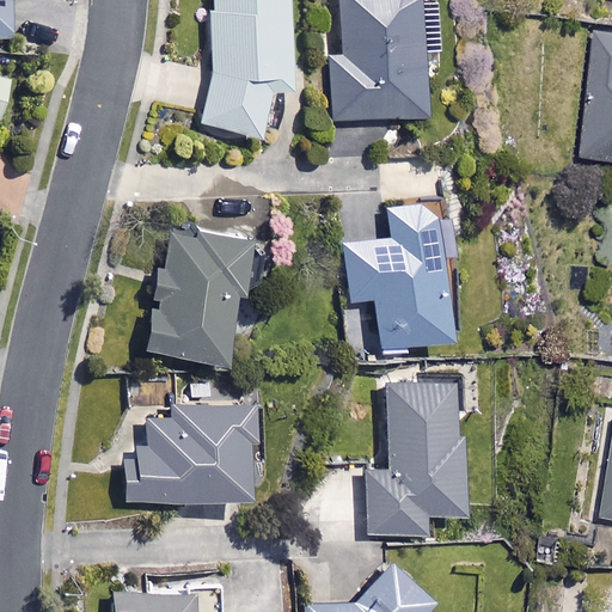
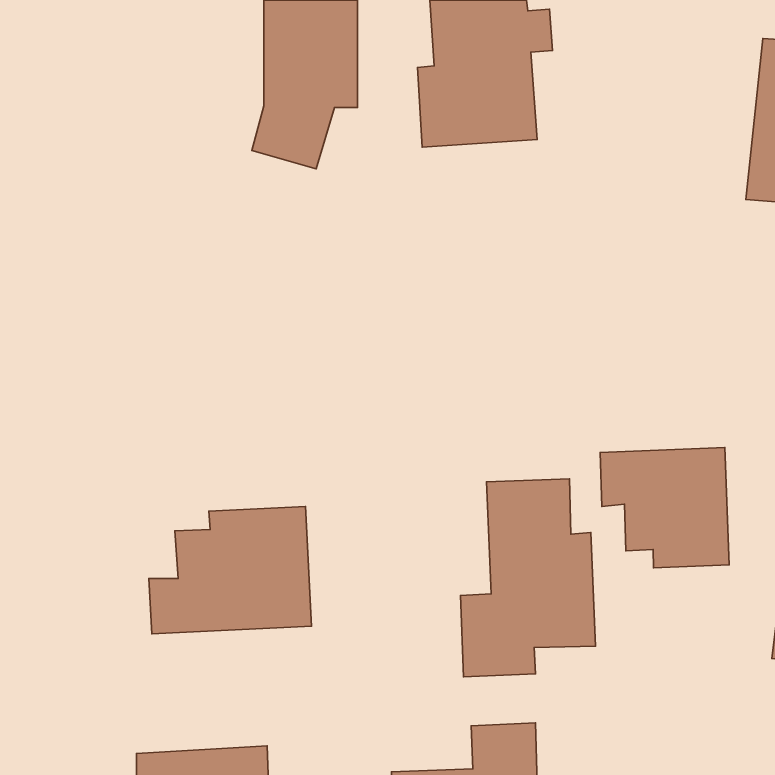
building: [347,206,455,345] -> none
building: [148,226,244,359] -> none
building: none -> [600,448,729,568]

